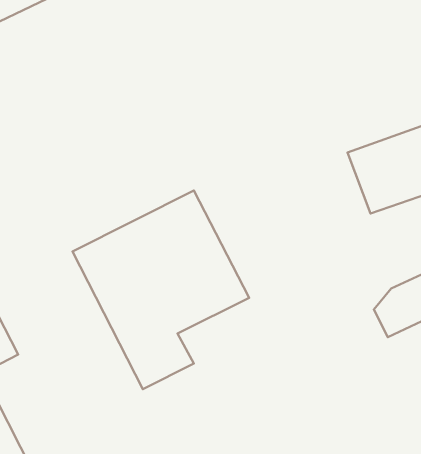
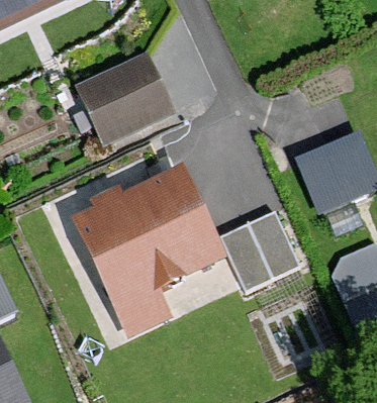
building: none -> [71,51,174,145]
building: none -> [222,209,304,291]

